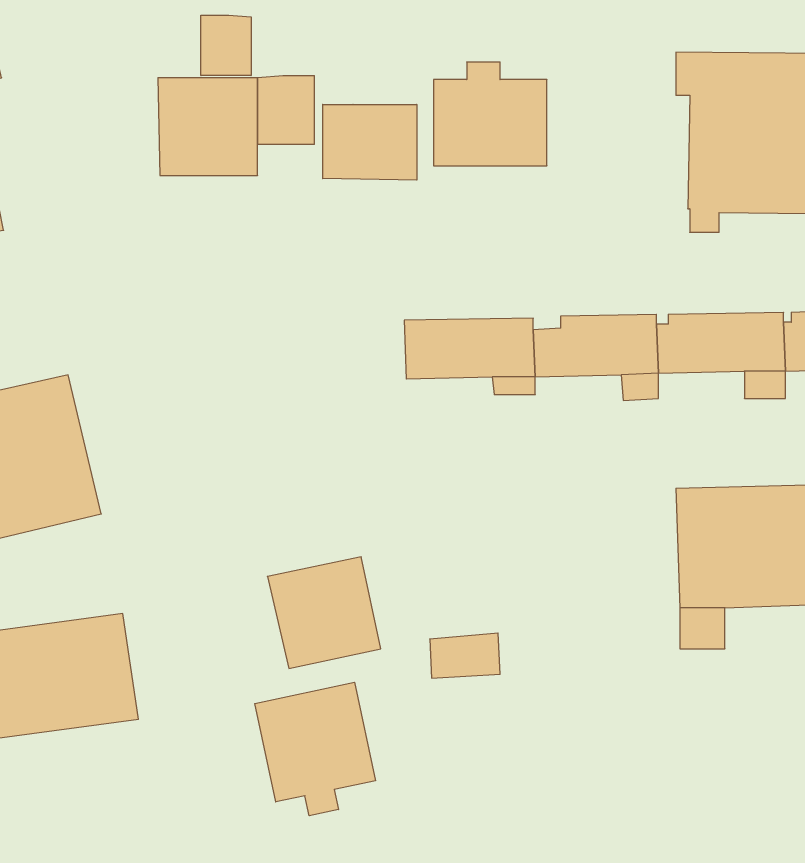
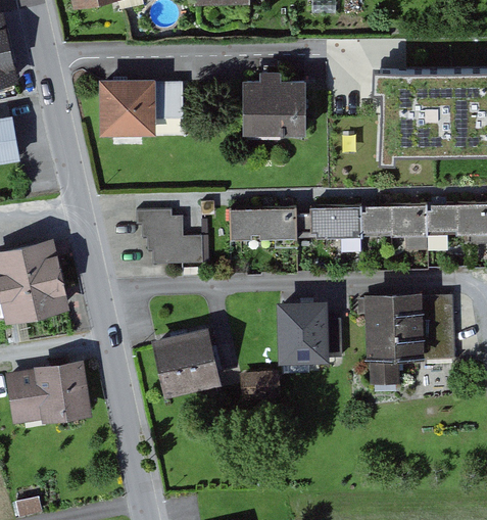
building: [201,15,251,76] -> none
building: [323,104,417,180] -> none
building: none -> [135,208,203,264]
building: none -> [282,303,341,357]
building: [255,682,375,816] -> none

